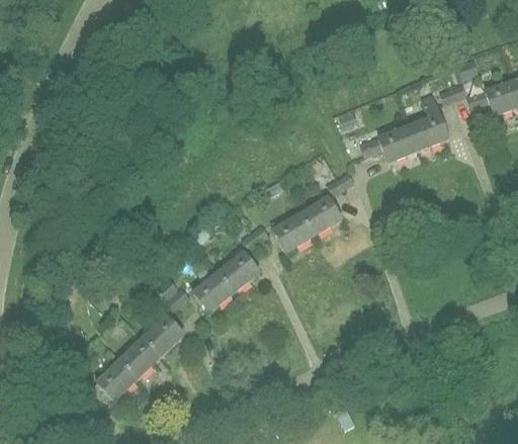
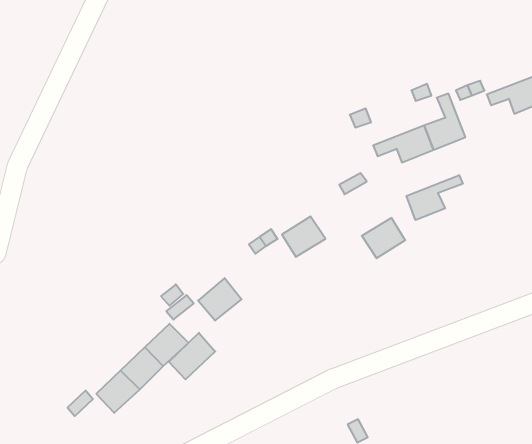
building: none -> [406,175,463,220]
building: [300,195,342,234] -> [362,218,405,258]
building: [219,251,259,291] -> none
building: none -> [169,333,215,379]

